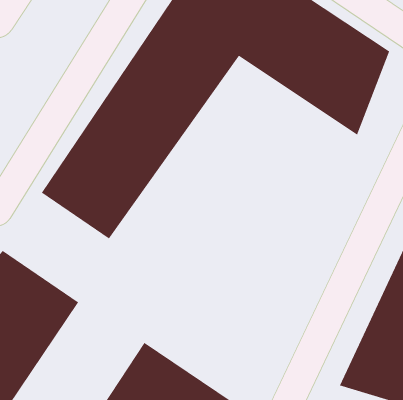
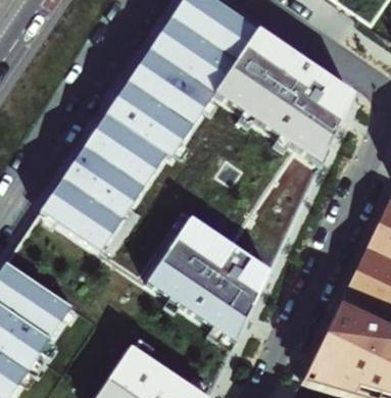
building: none -> [146,215,268,341]

